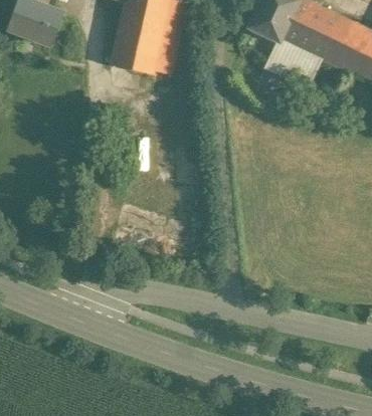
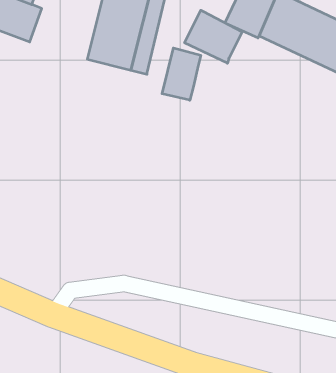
building: none -> [185,10,242,63]
building: none -> [162,48,201,100]

